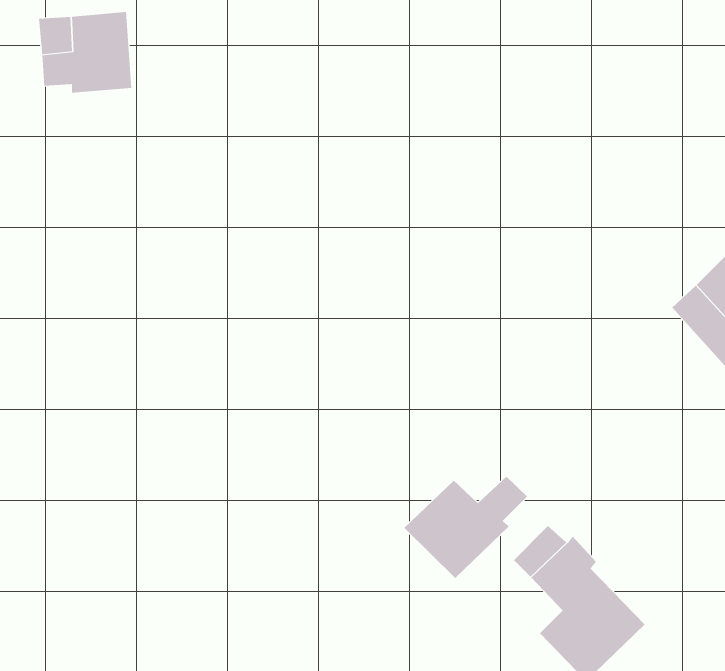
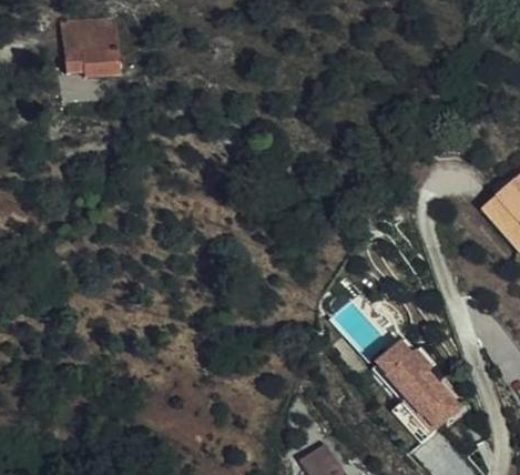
building: [403,476,528,579] -> none

